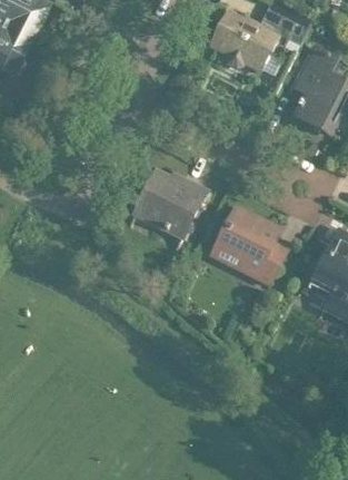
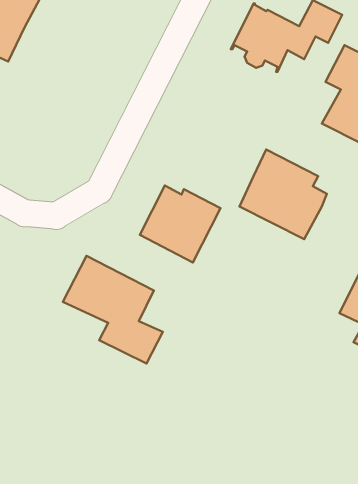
building: [210,205,287,284] -> [240,149,327,239]
building: none -> [63,256,163,364]

